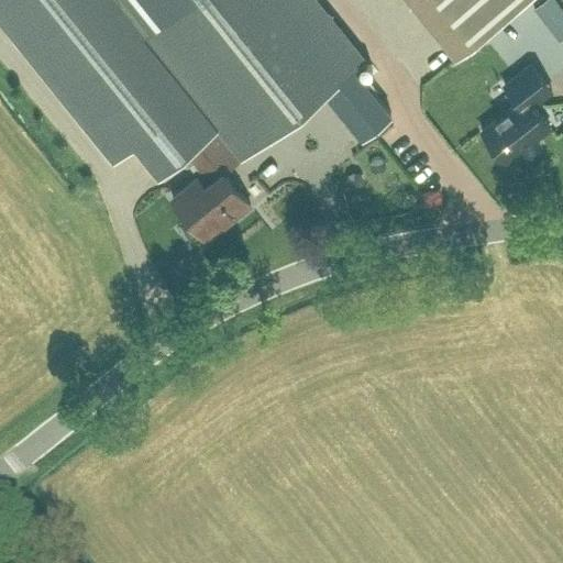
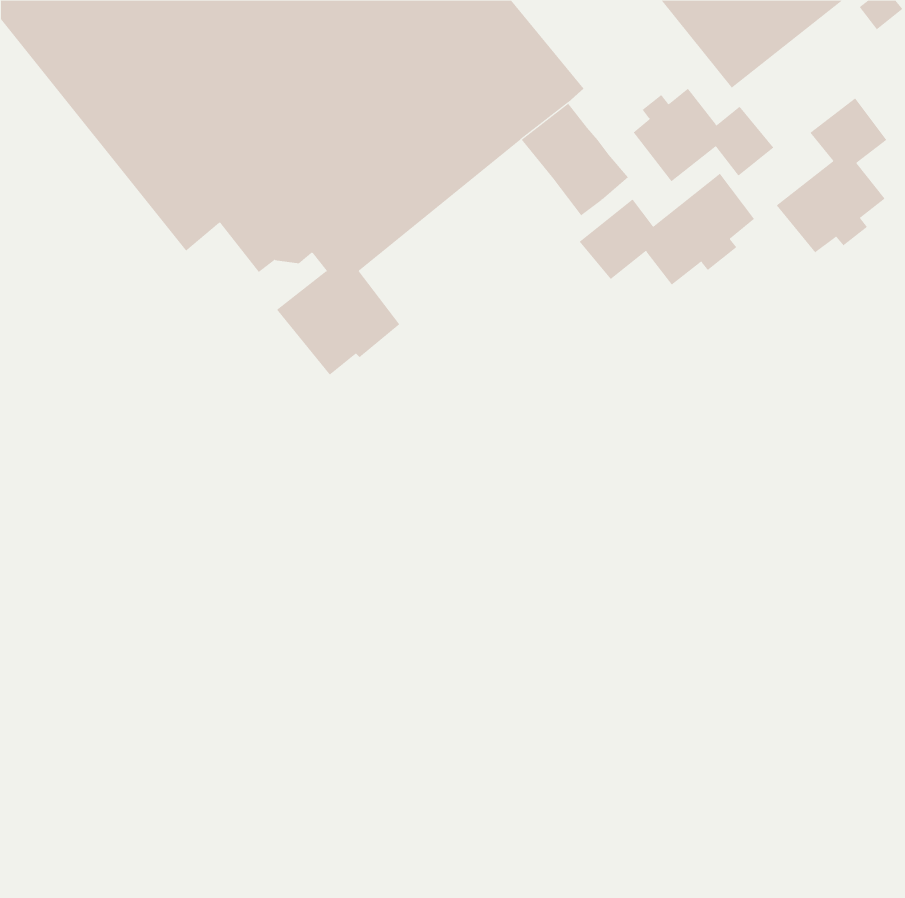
building: none -> [633,88,774,182]
building: none -> [579,173,755,286]

